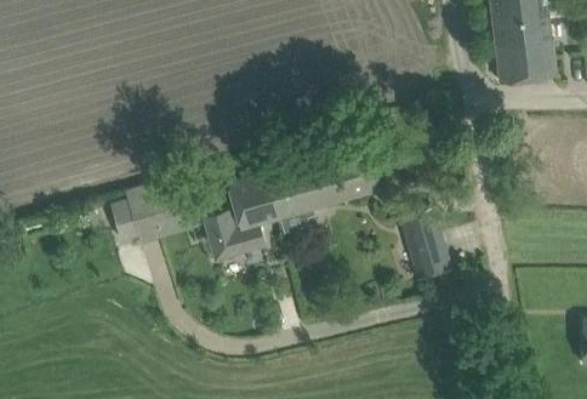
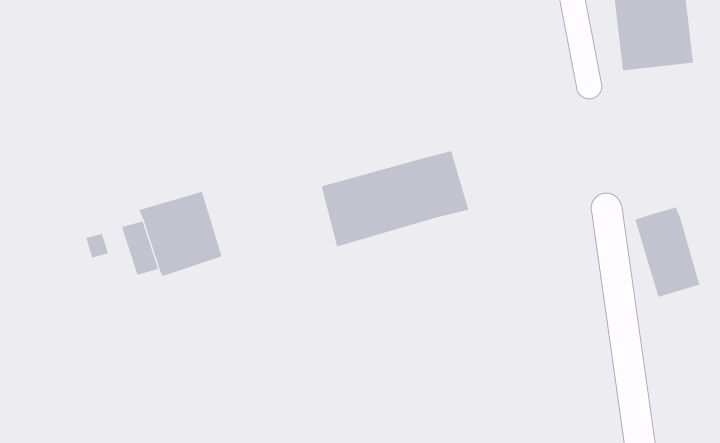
building: [201,175,278,264] -> none
building: [400,211,451,281] -> [635,207,700,297]

